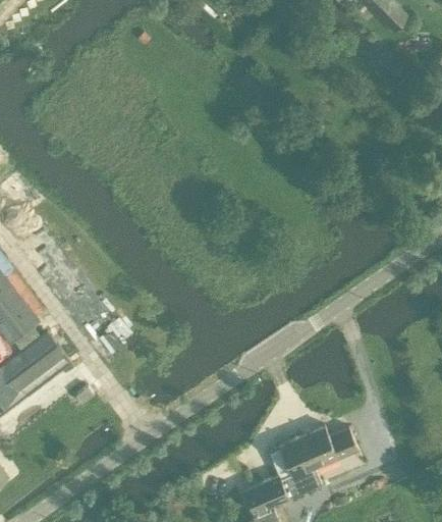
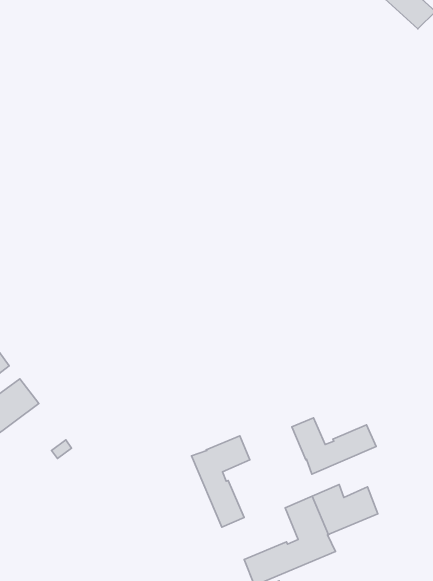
building: none -> [292,418,376,474]
building: none -> [192,436,250,527]

